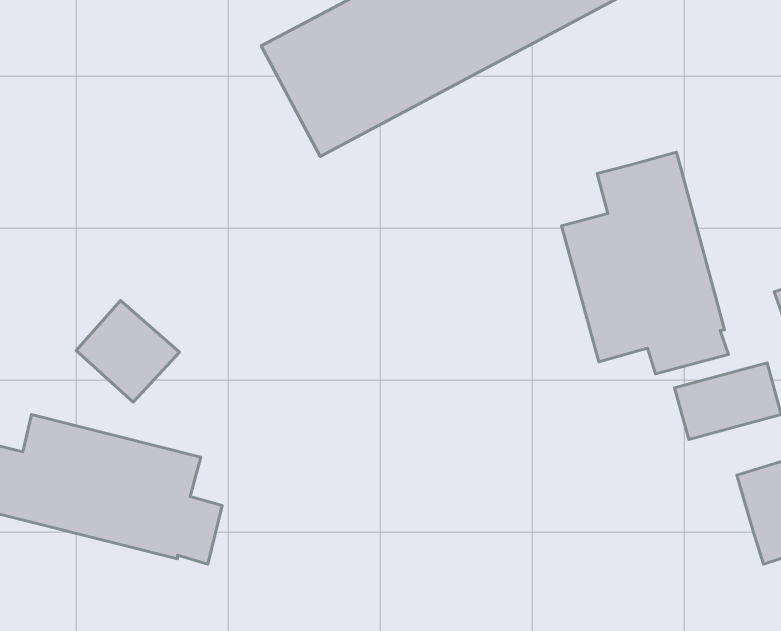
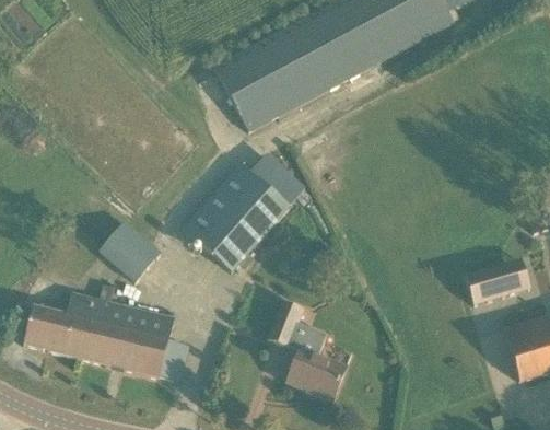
building: [562,152,728,374] -> none
building: none -> [183,152,306,272]
building: none -> [270,301,349,400]

